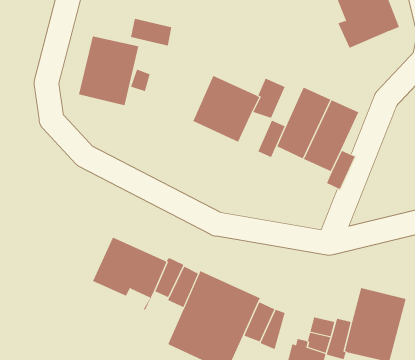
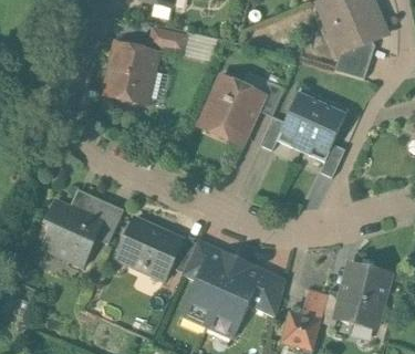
building: none -> [334,40,375,79]
building: none -> [41,199,107,267]

